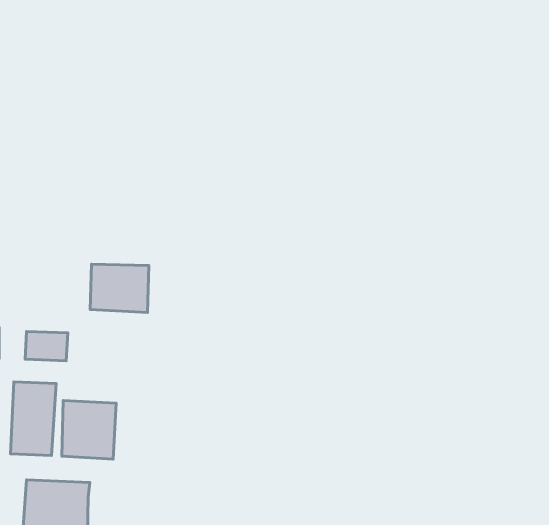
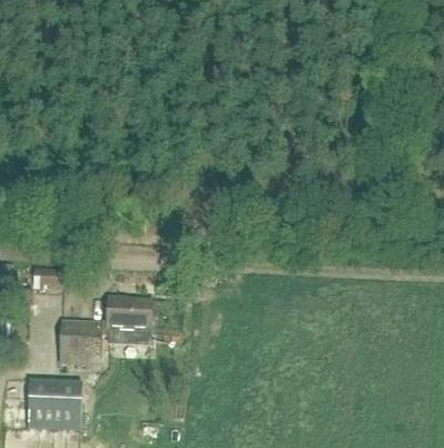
building: [90,264,149,313] -> [107,298,151,334]
building: [10,382,56,455] -> none

